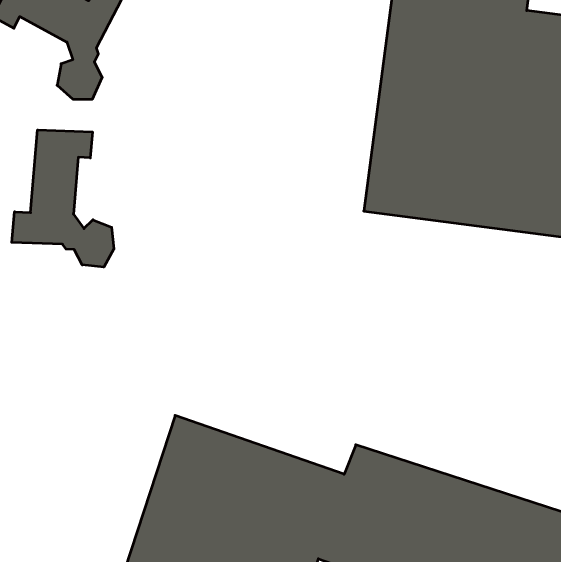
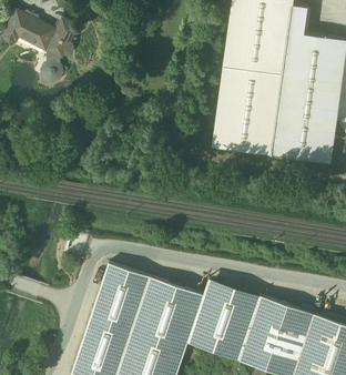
building: [12,130,114,267] -> none

